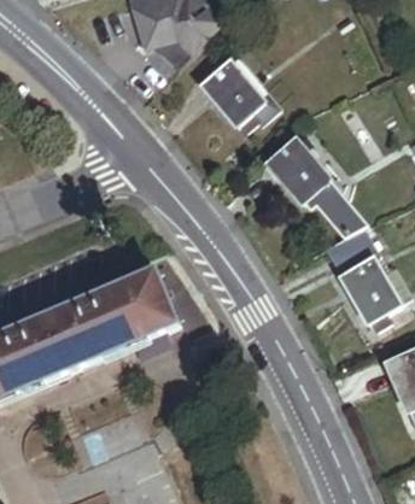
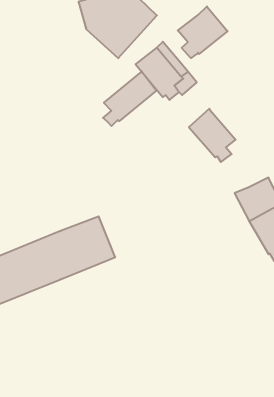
building: none -> [178,6,228,58]
building: none -> [103,71,157,126]
building: [312,176,367,235] -> none

